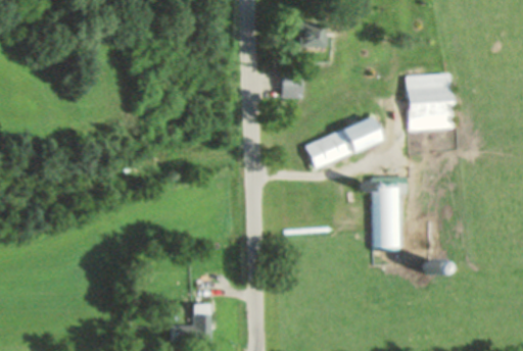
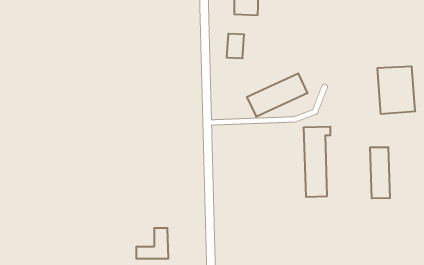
building: [408,72,454,130] -> [377,66,415,114]
building: none -> [370,147,390,198]

